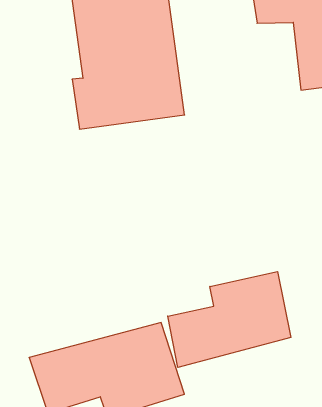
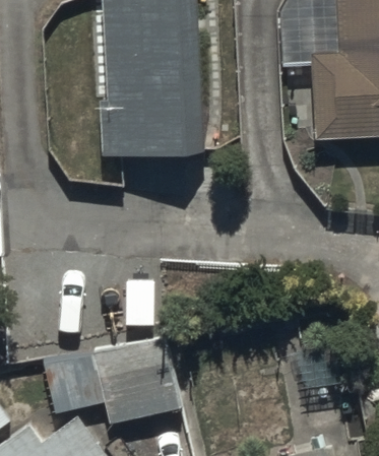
building: [168,272,291,367] -> none

